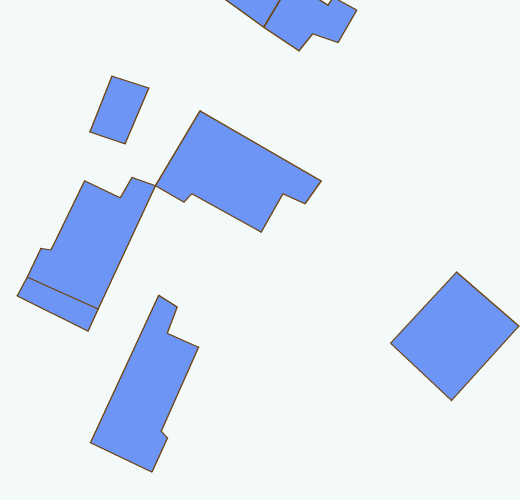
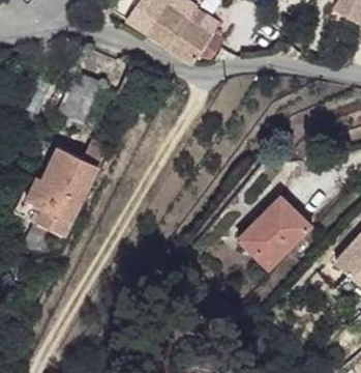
building: [156,111,321,232] -> none
building: [91,295,199,472] -> none

